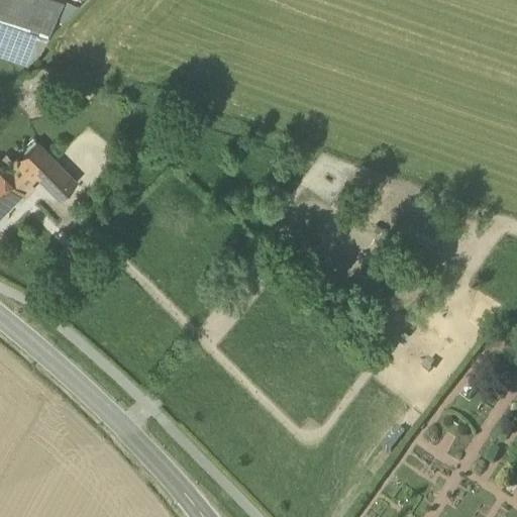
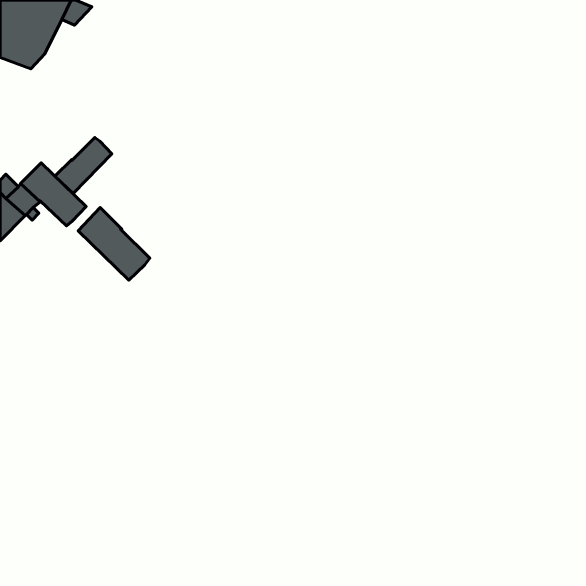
building: none -> [55,137,112,193]
building: none -> [78,207,150,280]

